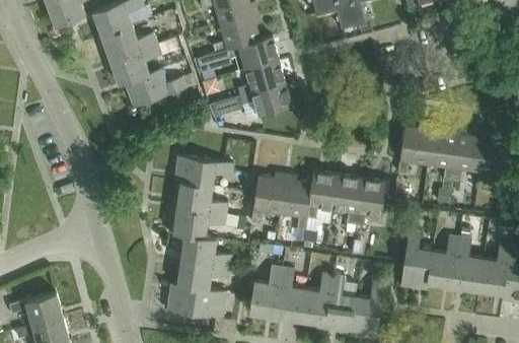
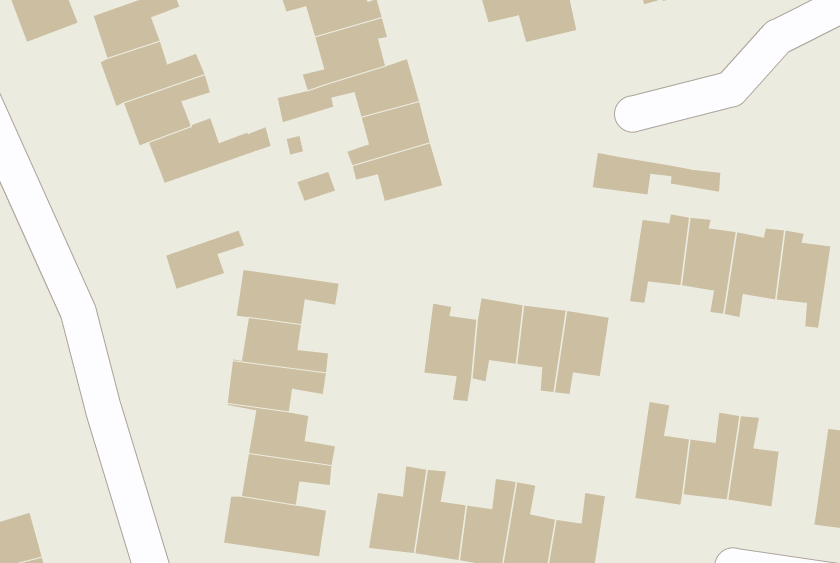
building: none -> [592,152,721,195]
building: none -> [165,230,245,290]
building: [251,173,286,223] -> none
building: [478,245,510,294] -> none

